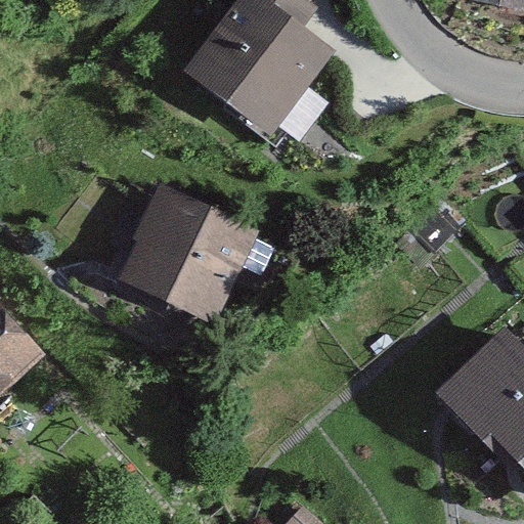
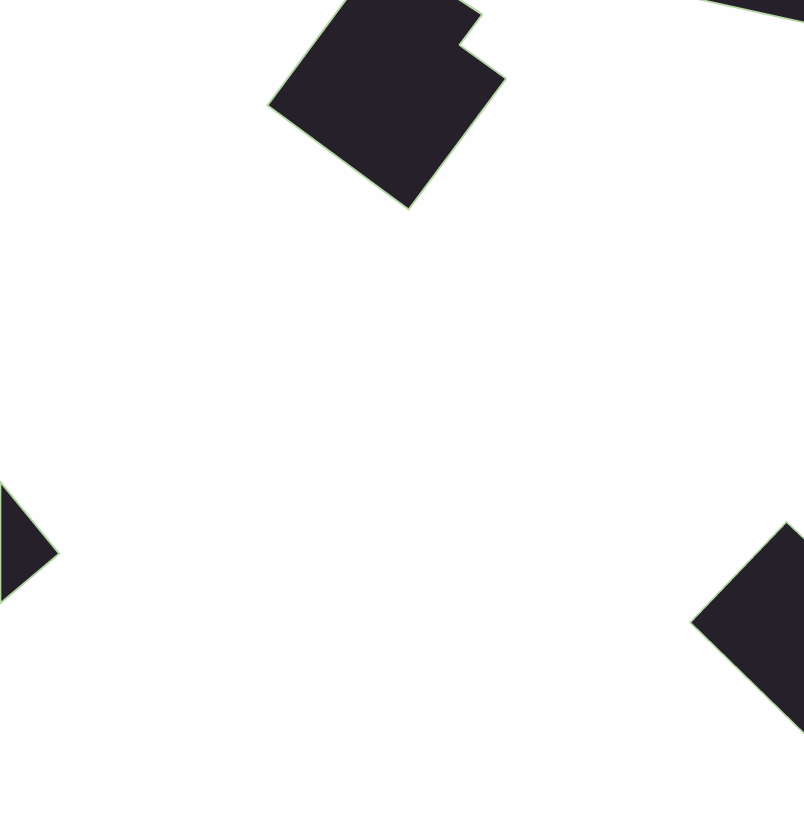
building: [119,186,247,316] -> none

